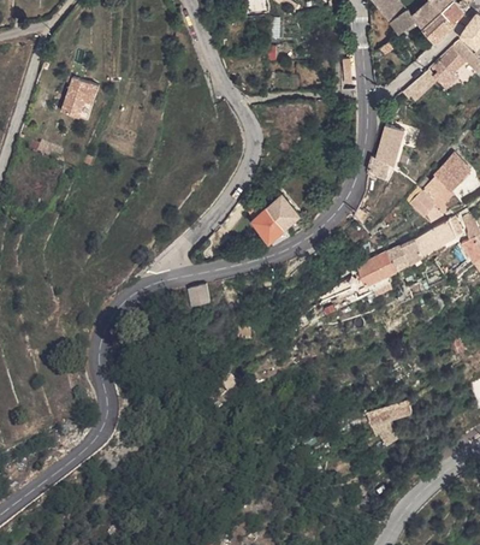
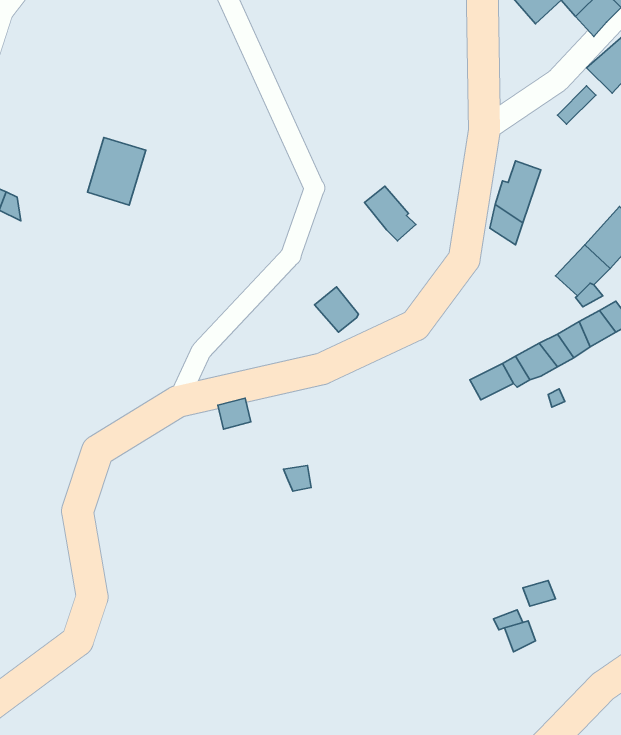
building: [401,64,449,99] -> none
building: [59,78,97,123] -> [87,138,146,205]
building: [267,197,301,233] -> [365,186,416,241]

